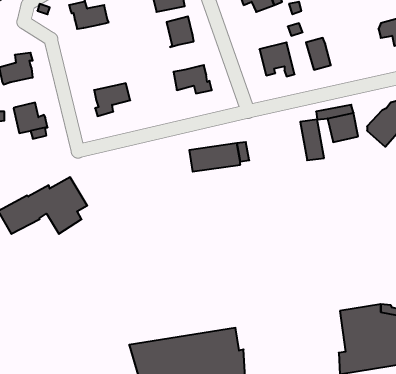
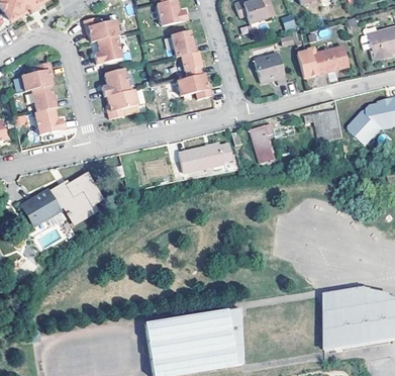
building: none -> [94,35,121,63]
building: none -> [312,45,348,73]
building: none -> [181,51,202,77]
building: none -> [102,68,129,95]
building: none -> [31,84,55,110]
building: [300,120,324,160] -> [250,126,271,163]

